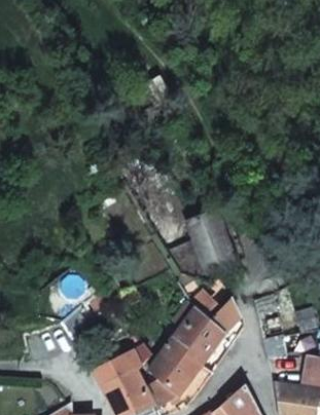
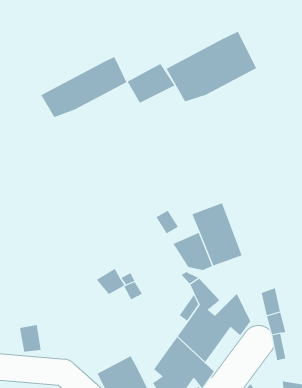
building: none -> [166,31,257,102]
building: none -> [41,56,127,118]

